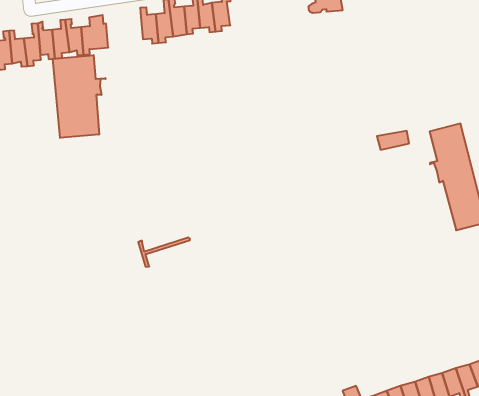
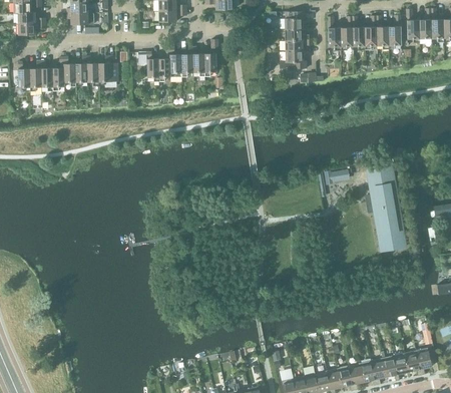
building: [53,55,106,138] -> none

